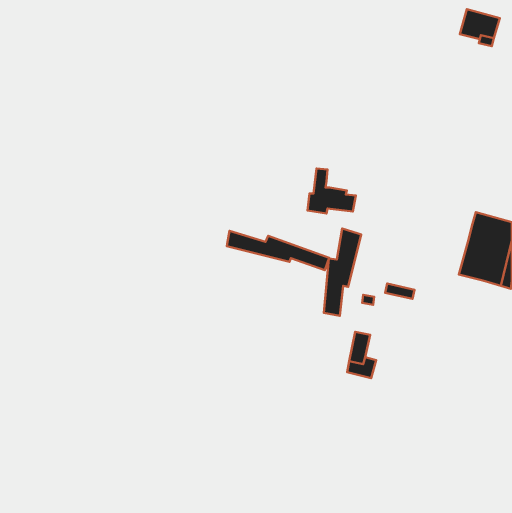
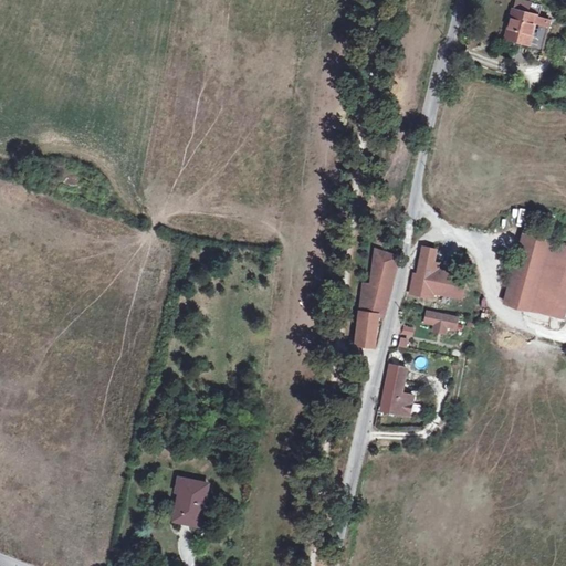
building: [307,168,356,214] -> [410,249,463,298]
building: [227,231,329,270] -> none
building: none -> [172,476,208,525]

